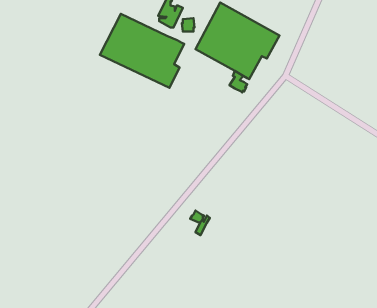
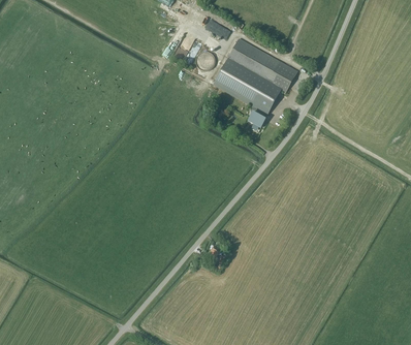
building: [100,14,184,88] -> none

